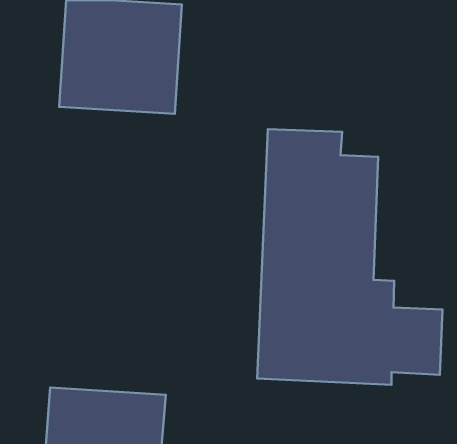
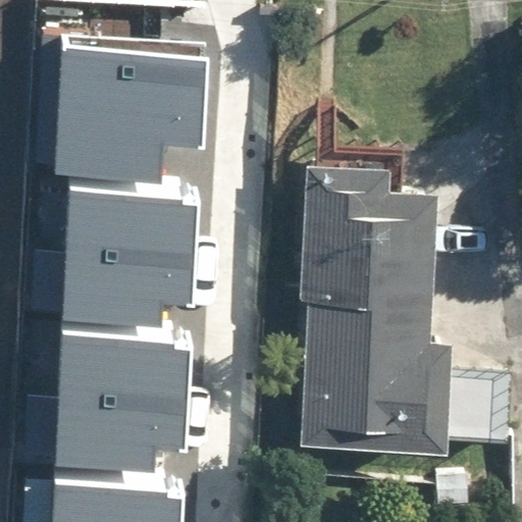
building: none -> [62,155,202,289]
building: none -> [54,305,194,437]

